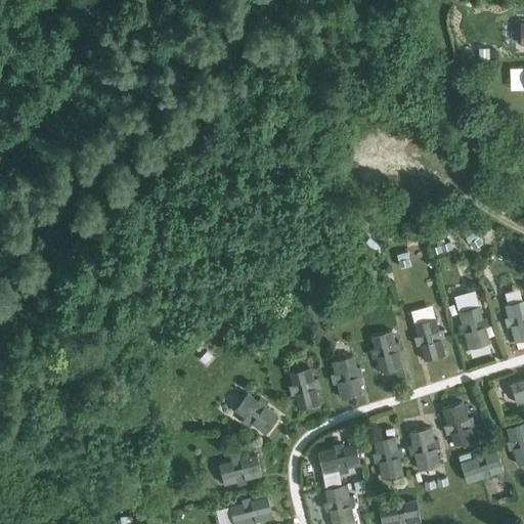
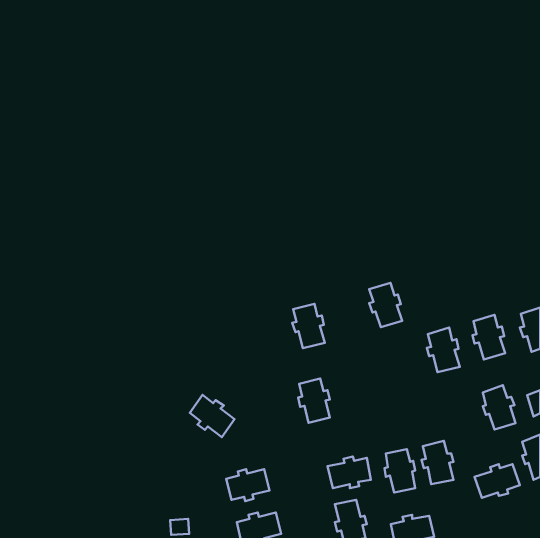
building: [369,332,401,375] -> [369,283,402,327]
building: [331,357,362,400] -> [292,304,325,348]
building: [234,394,277,435] -> [190,395,234,437]
building: [442,403,474,446] -> [483,385,515,430]

